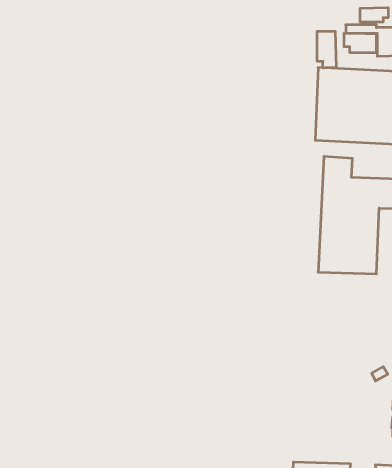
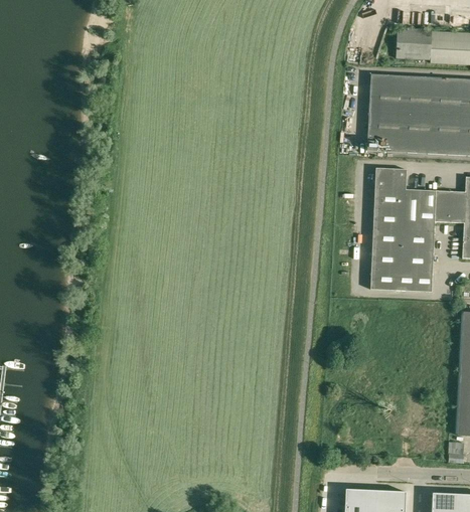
building: [360,8,388,22] -> none
building: [317,31,336,68] -> none

